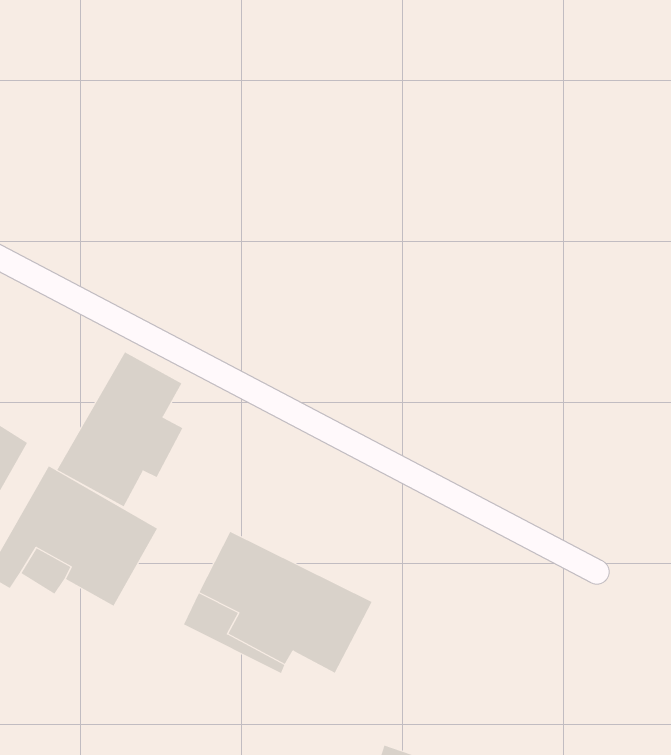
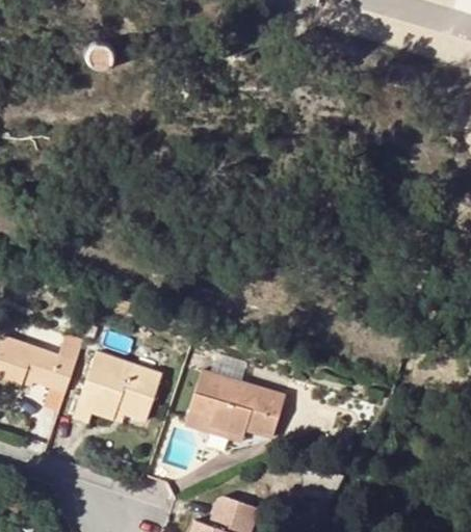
building: [57,351,183,507] -> none

